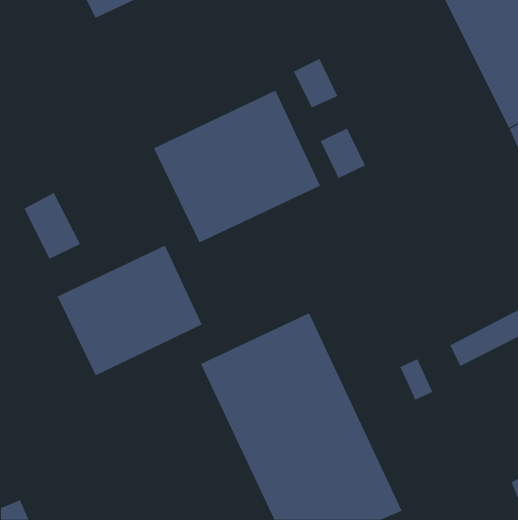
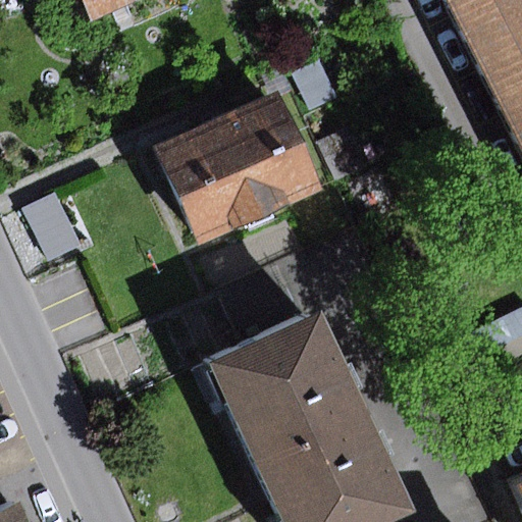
building: [57,245,202,376] -> none

